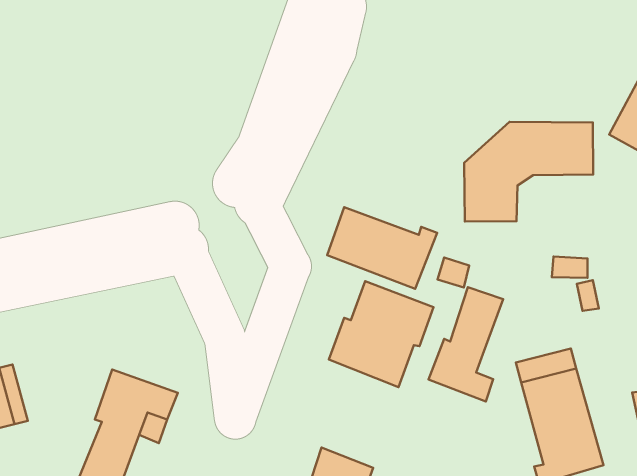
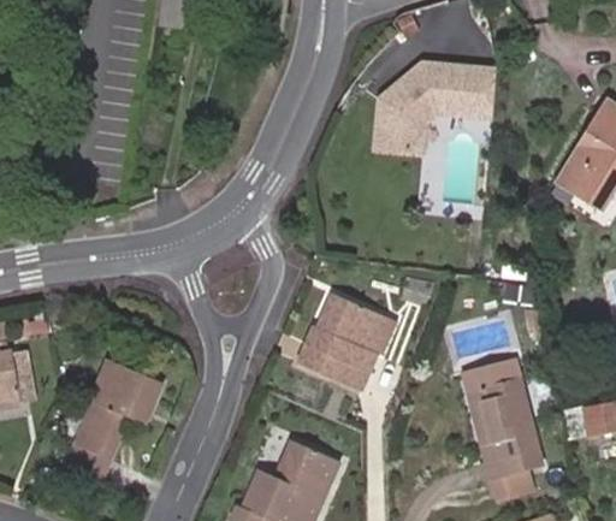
building: [464,122,593,221] -> [371,69,488,156]
building: [327,207,437,289] -> none
building: [428,287,503,401] -> none

